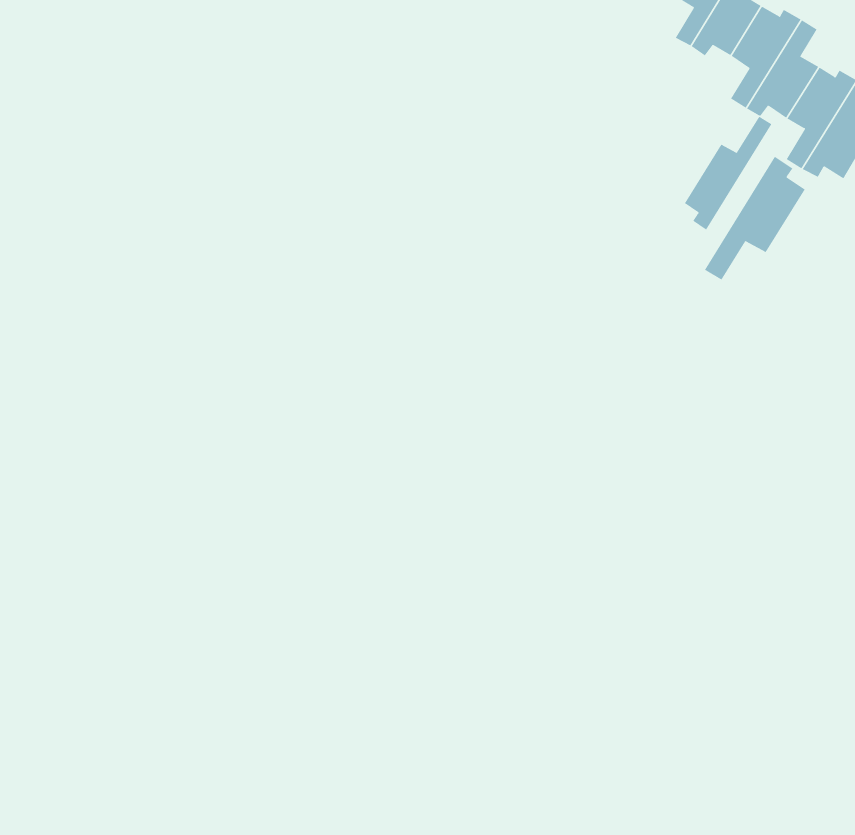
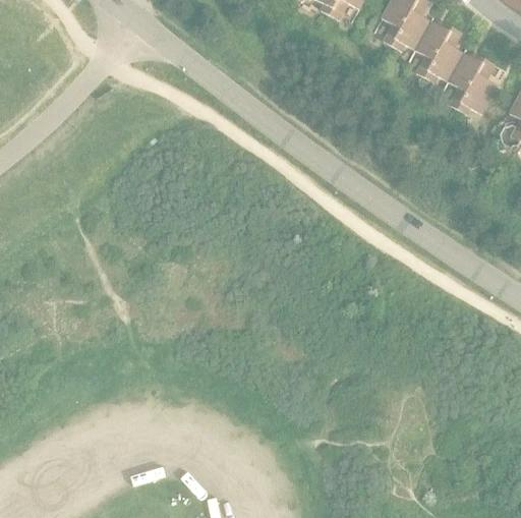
building: [684,116,772,231] -> none
building: [704,156,805,280] -> none

